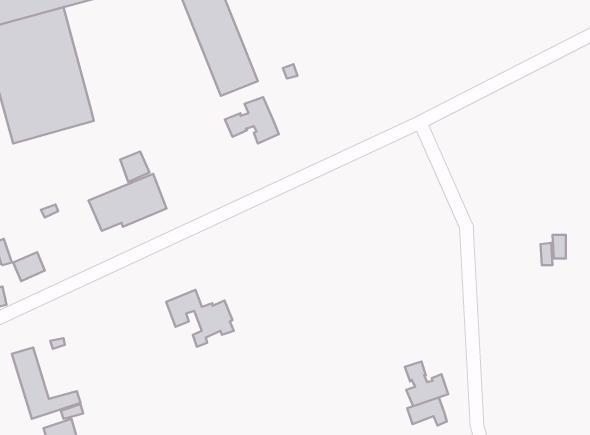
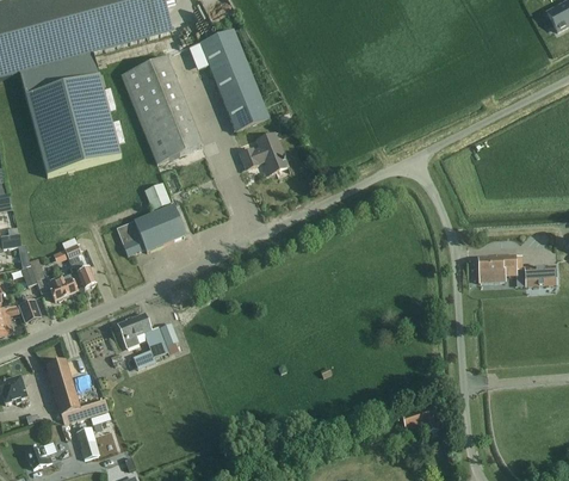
building: none -> [132,57,202,159]
building: none -> [67,242,97,288]
building: none -> [478,254,521,282]
building: [166,290,234,347] -> [118,313,179,364]
building: [405,362,448,406] -> none

